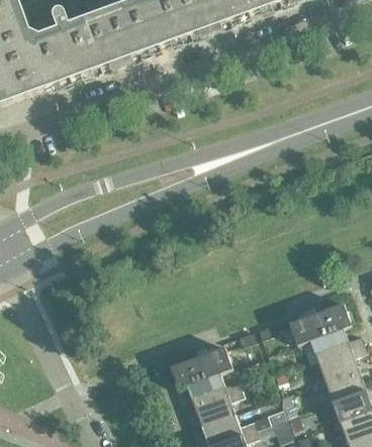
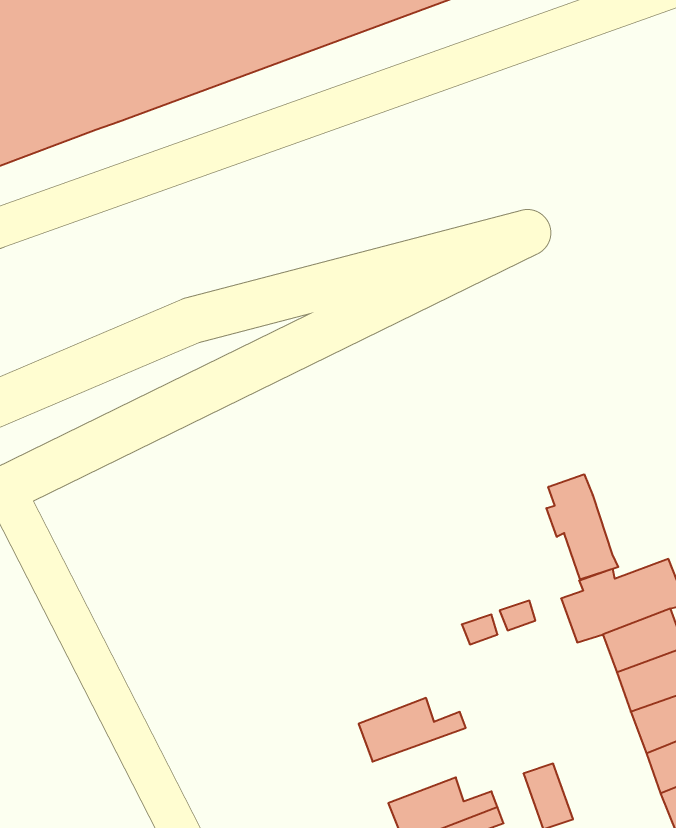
building: none -> [546,474,618,579]
building: [170,344,233,387] -> none
building: [192,387,244,426] -> none

